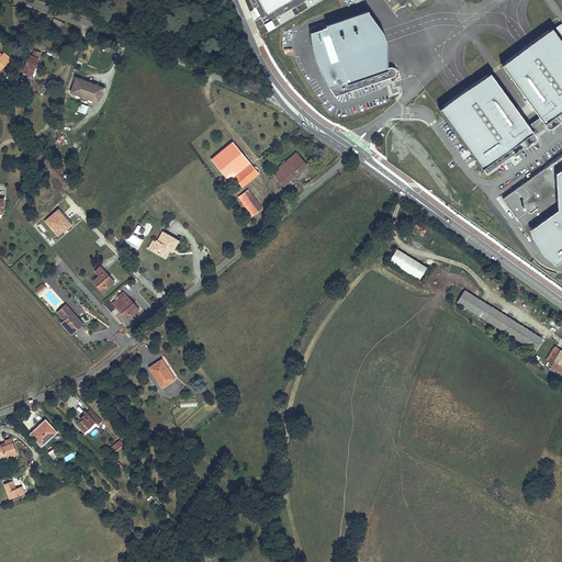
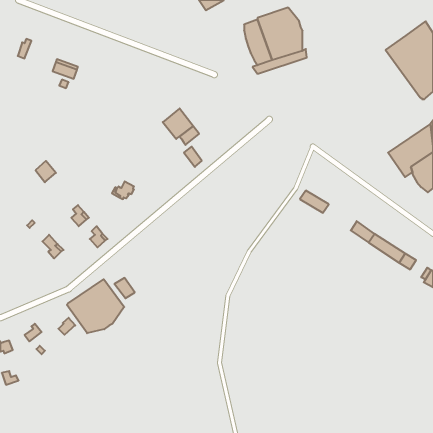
building: [438,72,535,176] -> none
building: [270,153,306,187] -> none
building: none -> [67,279,124,333]

